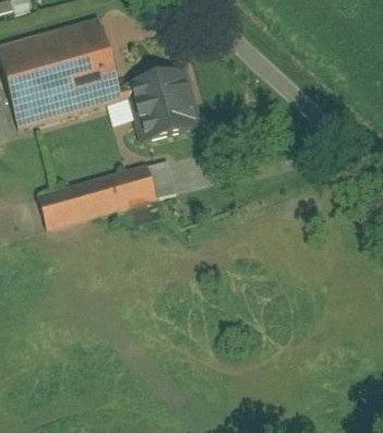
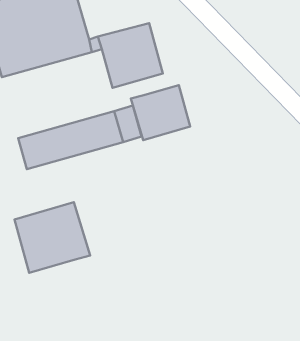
building: none -> [131,85,190,140]
building: none -> [14,202,90,273]

